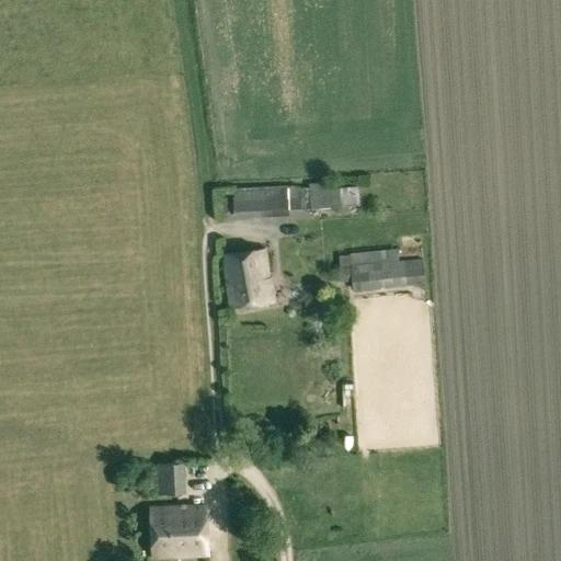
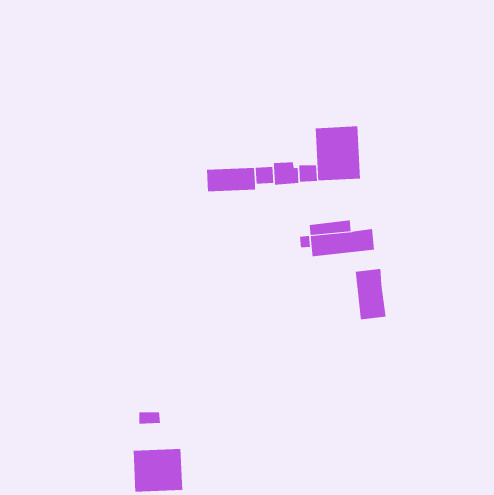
building: none -> [315,125,360,181]
building: [222,250,274,307] -> none
building: none -> [355,268,386,320]

